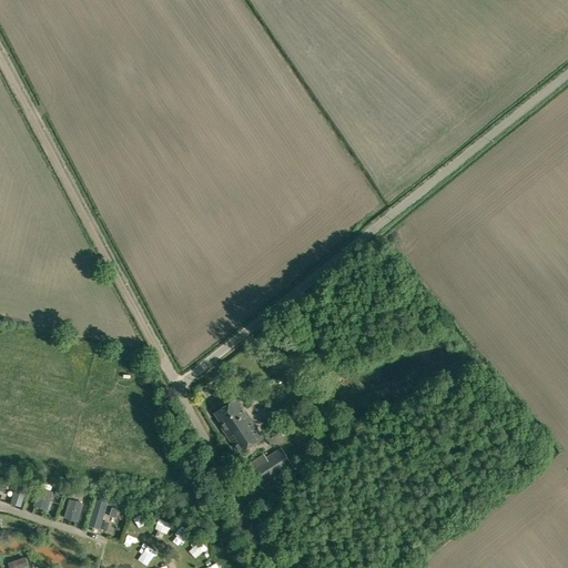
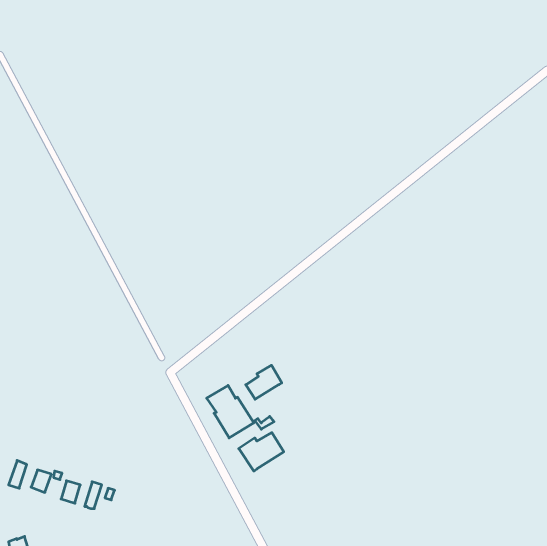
building: none -> [246,365,282,399]

